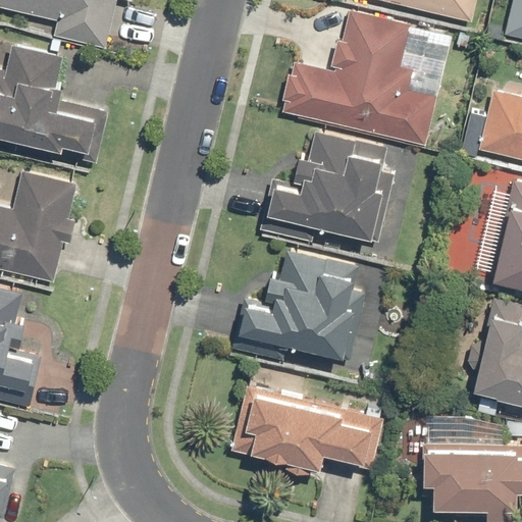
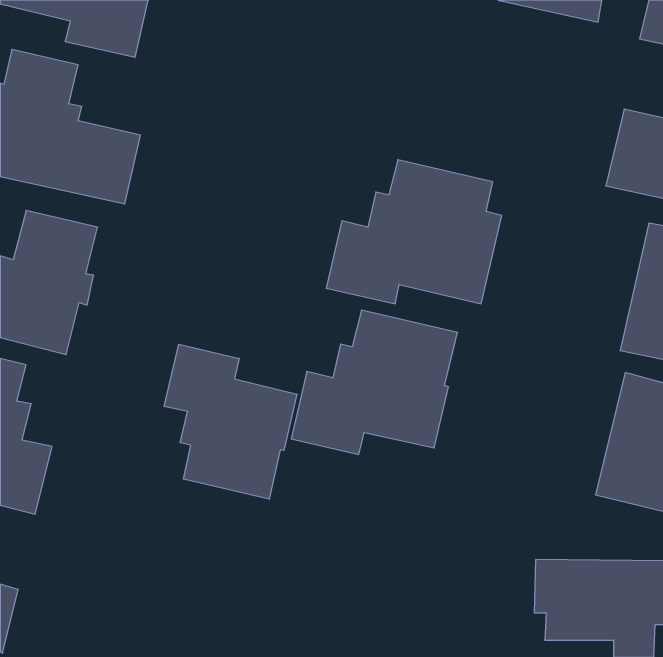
building: [280,10,452,147] -> none
building: none -> [164,344,297,499]
building: [228,385,383,473] -> none

